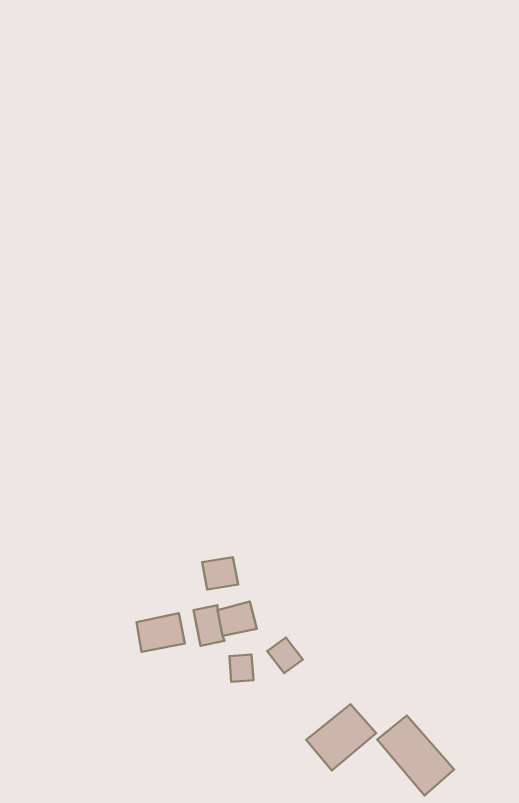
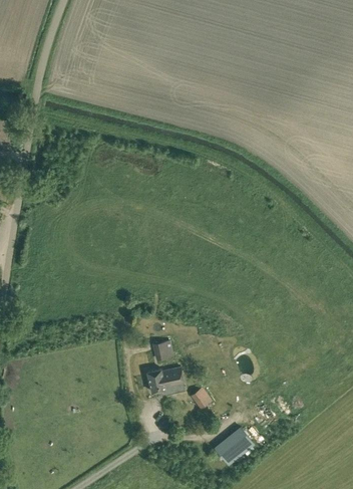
building: [136,613,185,652] -> none
building: [377,716,454,795] -> none

